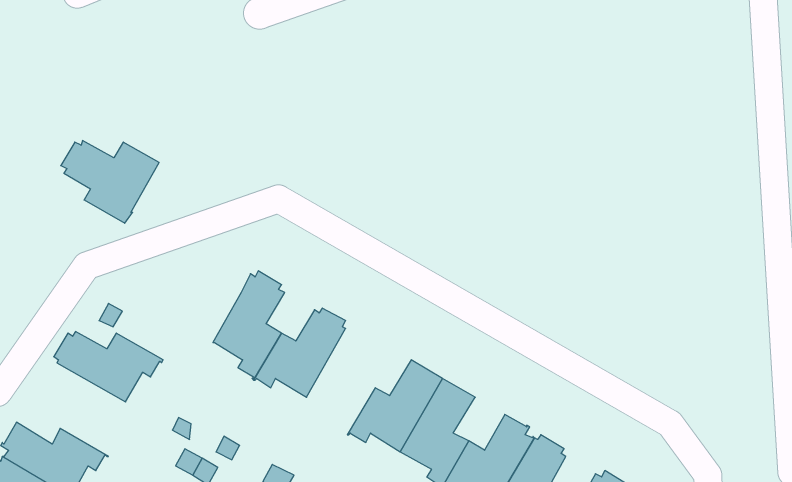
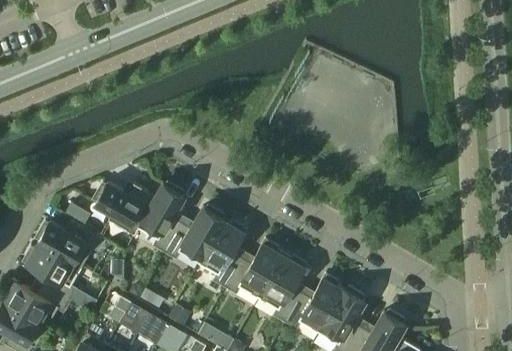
building: [61,141,159,223] -> [93,183,156,236]
building: none -> [198,219,245,288]
building: none -> [23,242,82,302]

